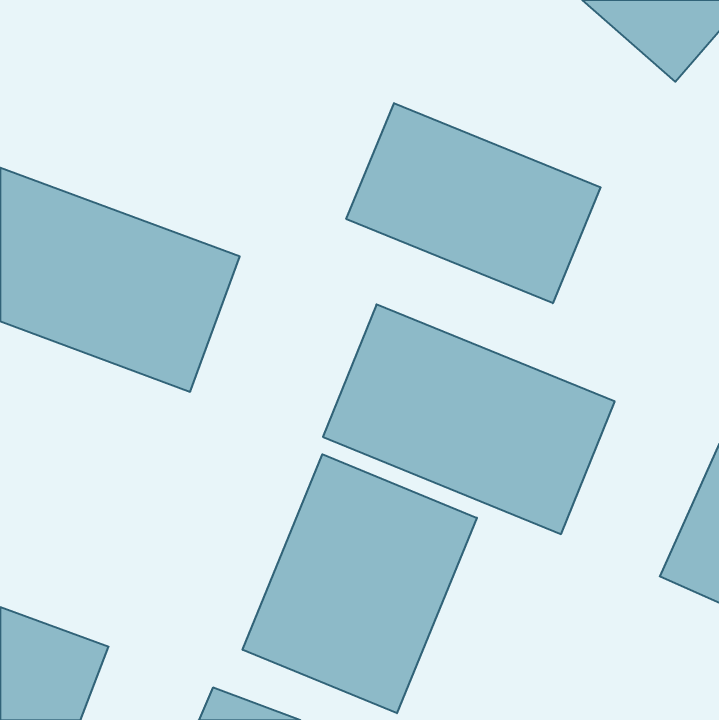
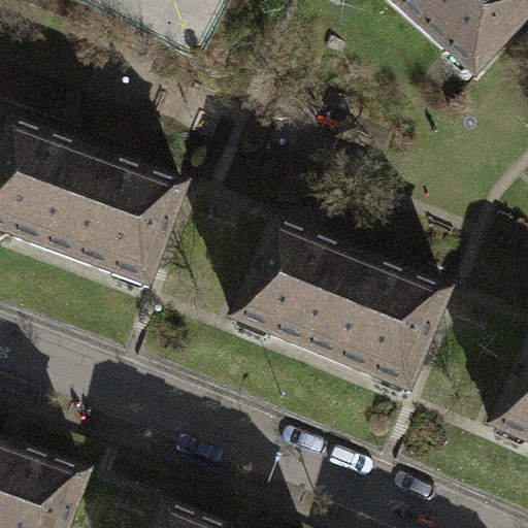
building: [346,103,601,303] -> none
building: [243,454,477,713] -> none

